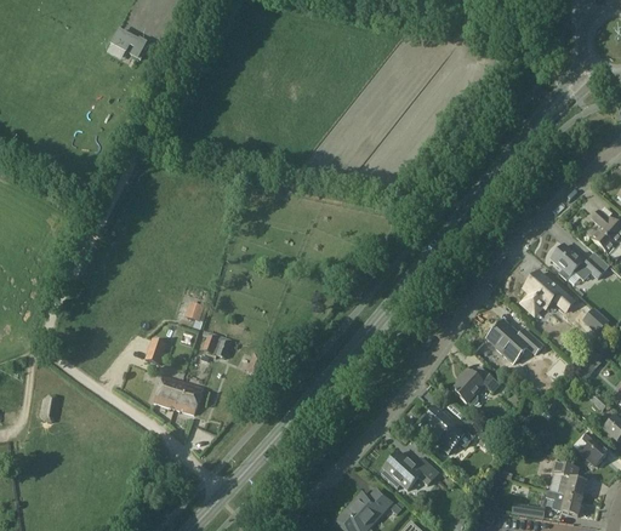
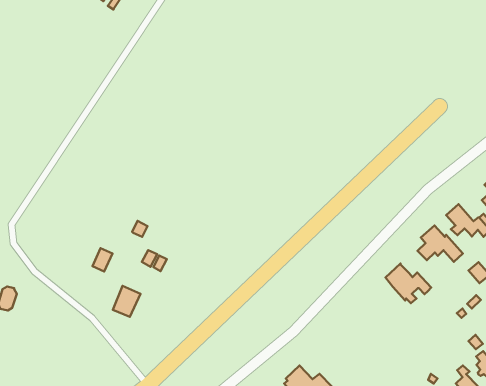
building: [452,364,500,404] -> none
building: [154,372,182,407] -> none
building: [418,407,479,452] -> none

